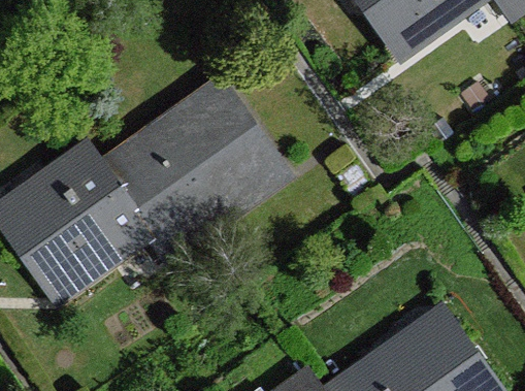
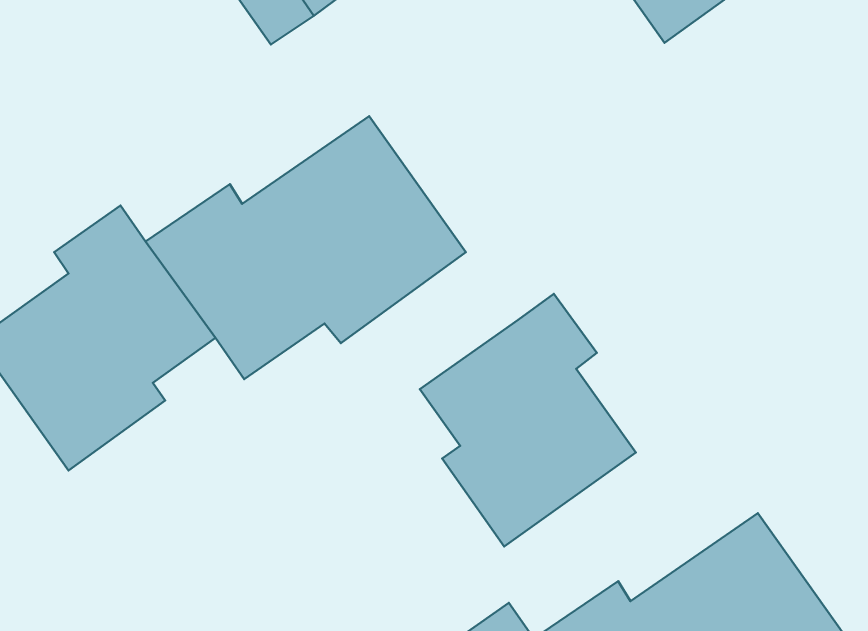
building: none -> [420,294,636,546]

